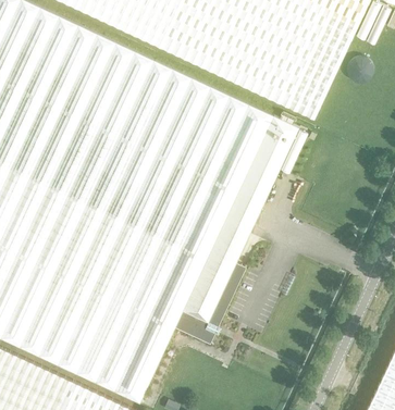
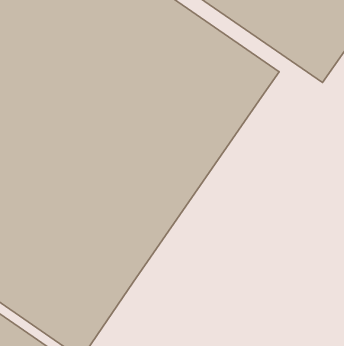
building: [175,116,299,344] -> none

